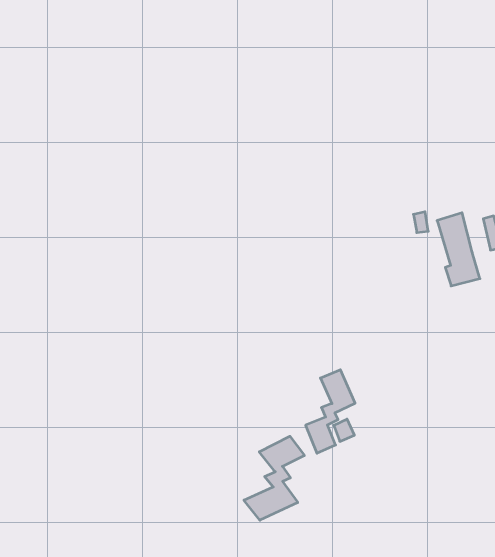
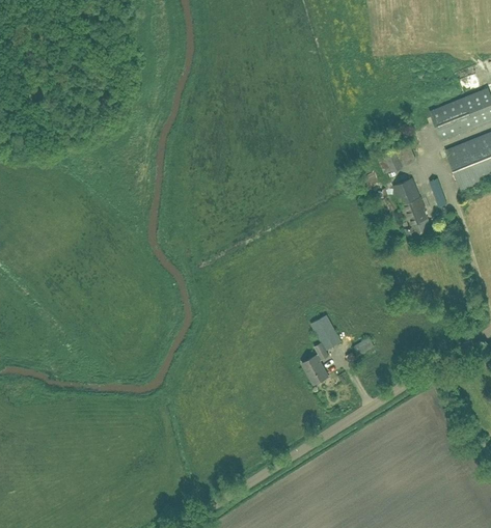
building: [244,436,304,520] -> none

